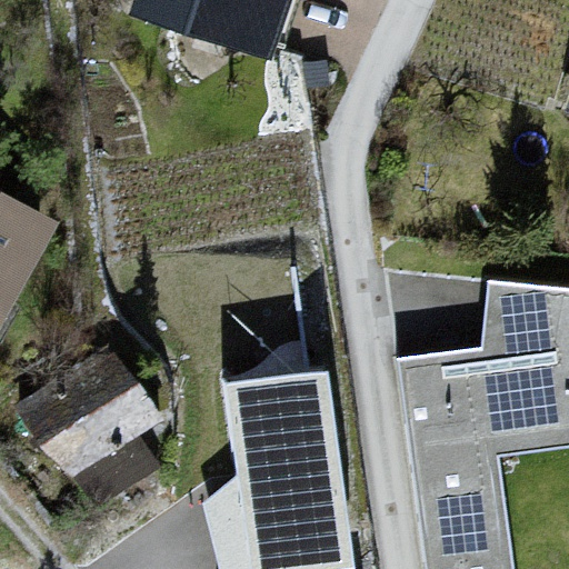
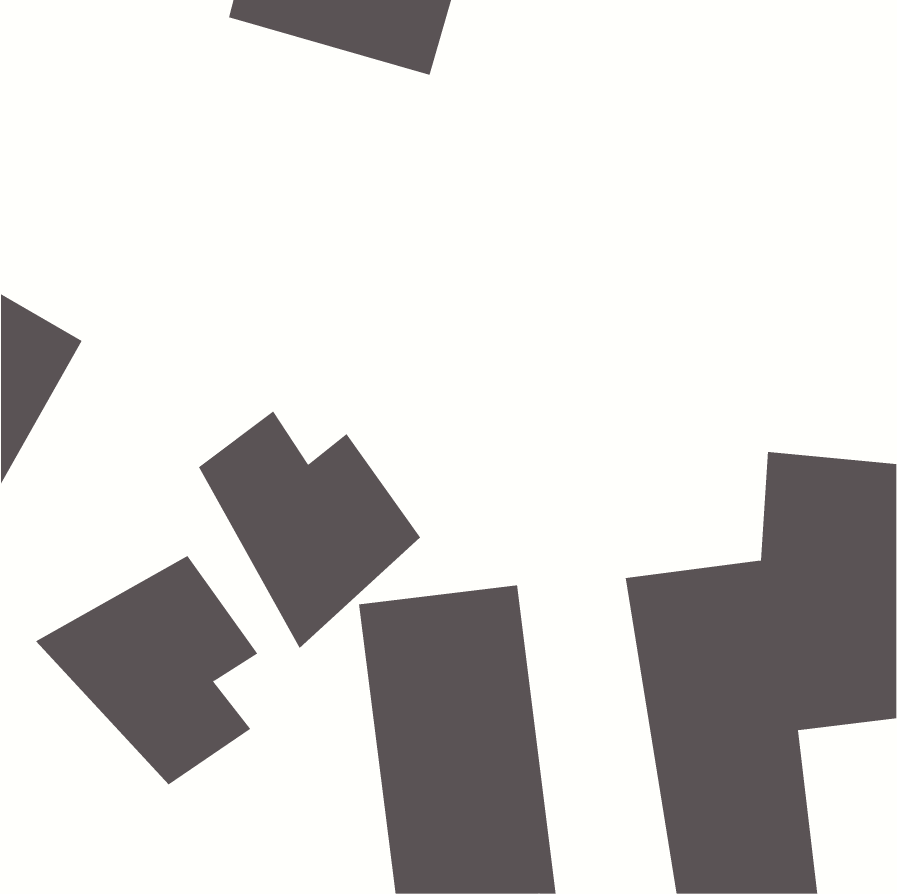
building: none -> [198,410,421,649]

